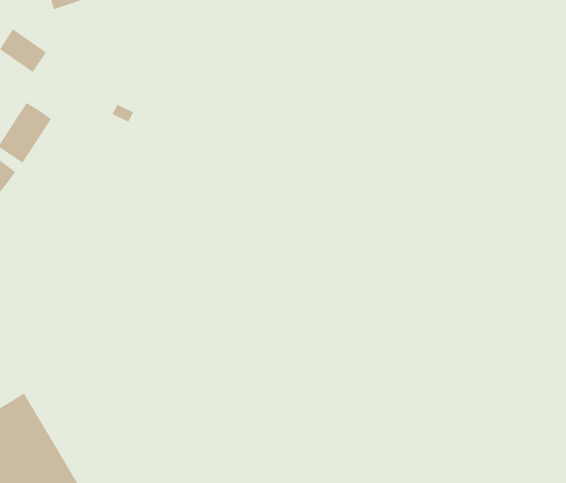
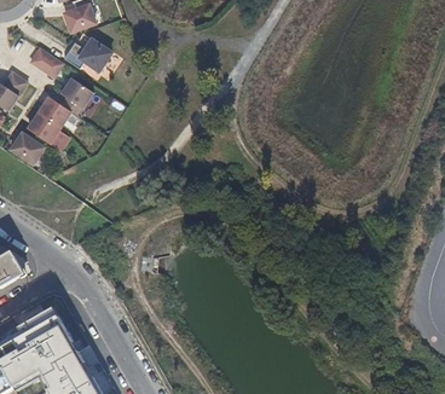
building: none -> [62,37,110,70]
building: none -> [58,80,89,111]

